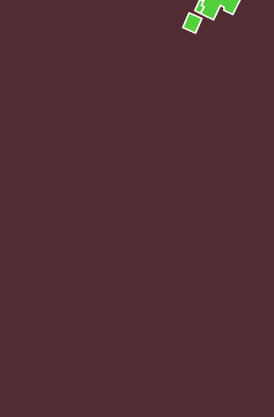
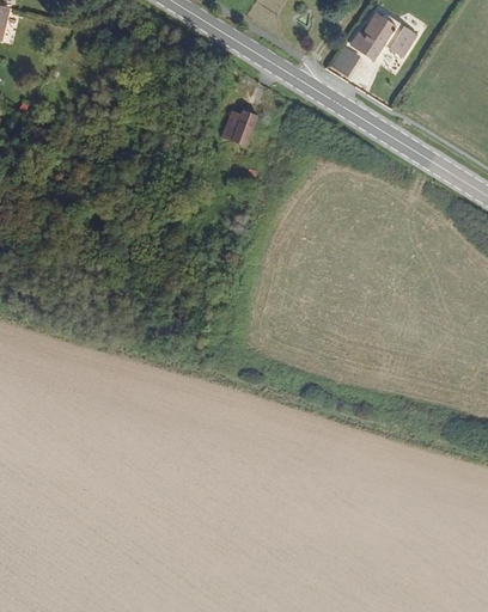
building: none -> [221,110,257,146]

